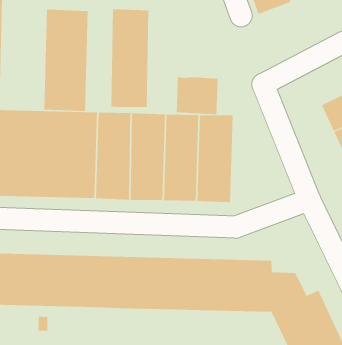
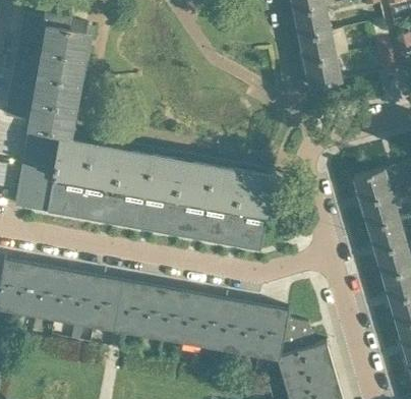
building: [111,9,149,108] -> none
building: [44,9,88,112] -> none
building: [176,76,218,115] -> none

